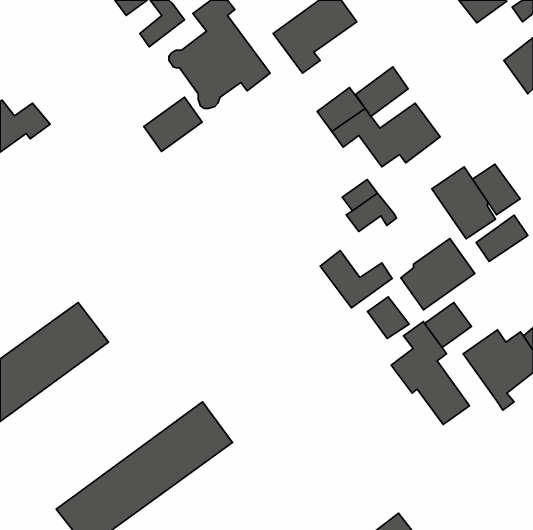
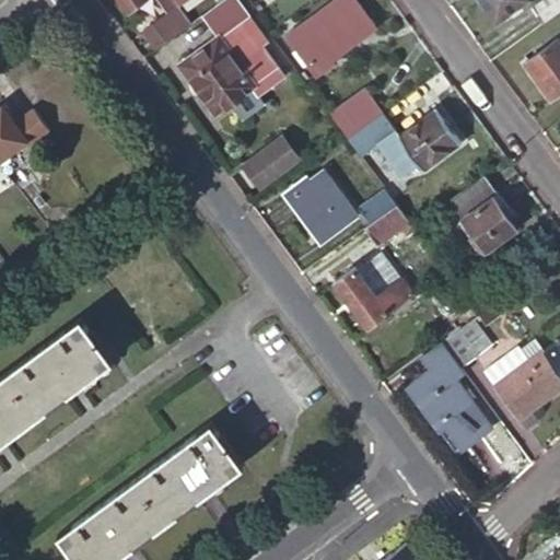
building: [355,67,408,116] -> none
building: [144,97,202,152] -> [242,141,303,198]
building: [473,164,520,215] -> none
building: none -> [292,177,354,242]
building: [476,215,528,262] -> none
building: [401,238,475,310] -> none
building: [367,297,409,339] -> [357,250,400,294]

